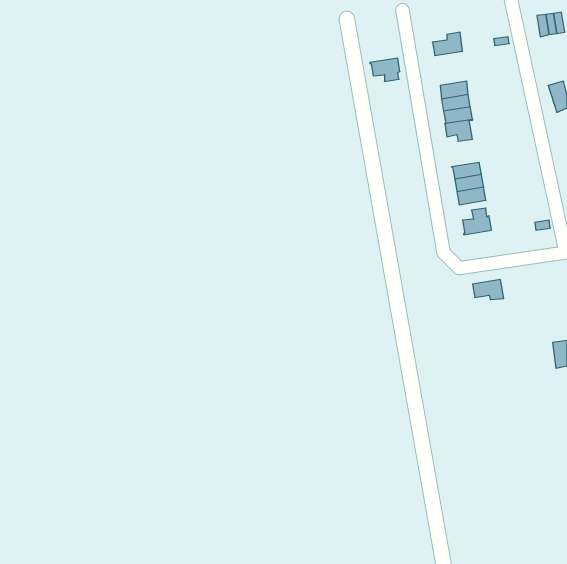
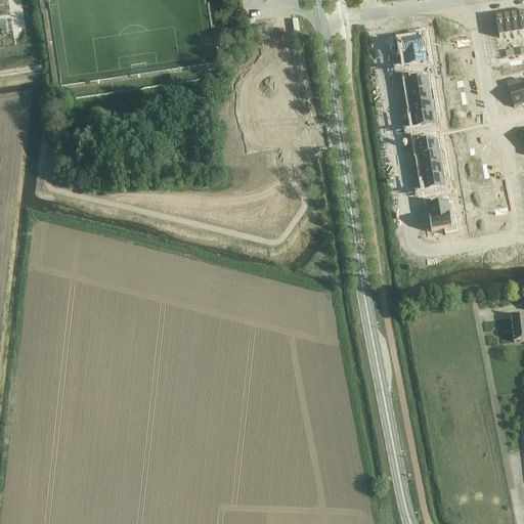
building: [370,58,400,81] -> [400,47,428,69]
building: none -> [414,131,441,154]
building: [473,280,504,300] -> [427,212,455,230]

